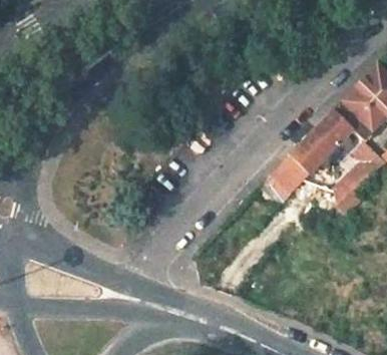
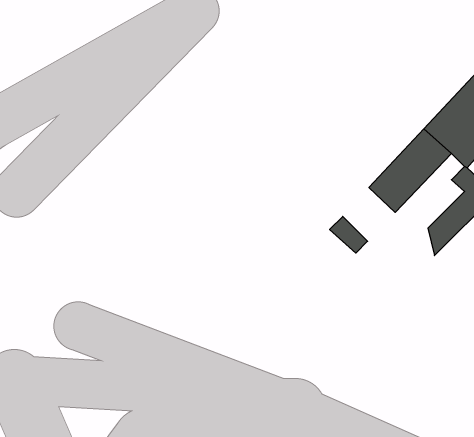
building: [271,153,311,195] -> none

